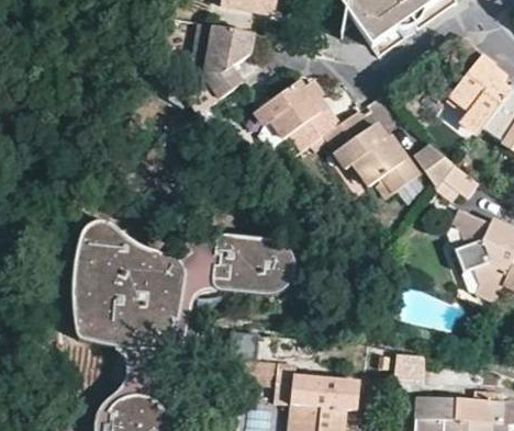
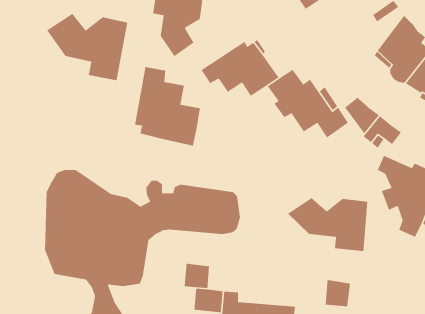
building: none -> [46,13,128,81]
building: none -> [134,66,201,146]
building: none -> [287,197,368,252]

